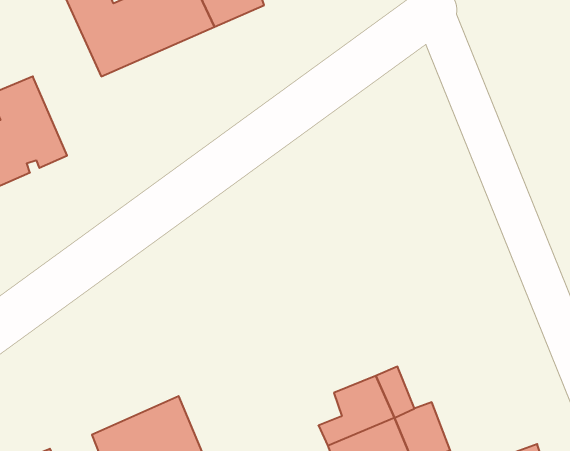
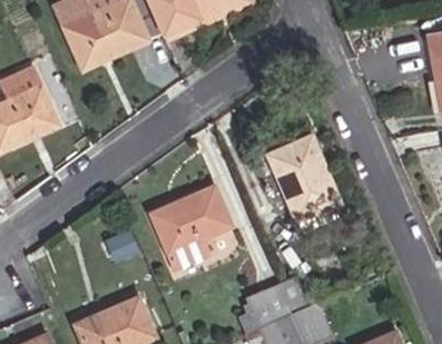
building: none -> [268,137,338,220]
building: none -> [151,187,230,268]

